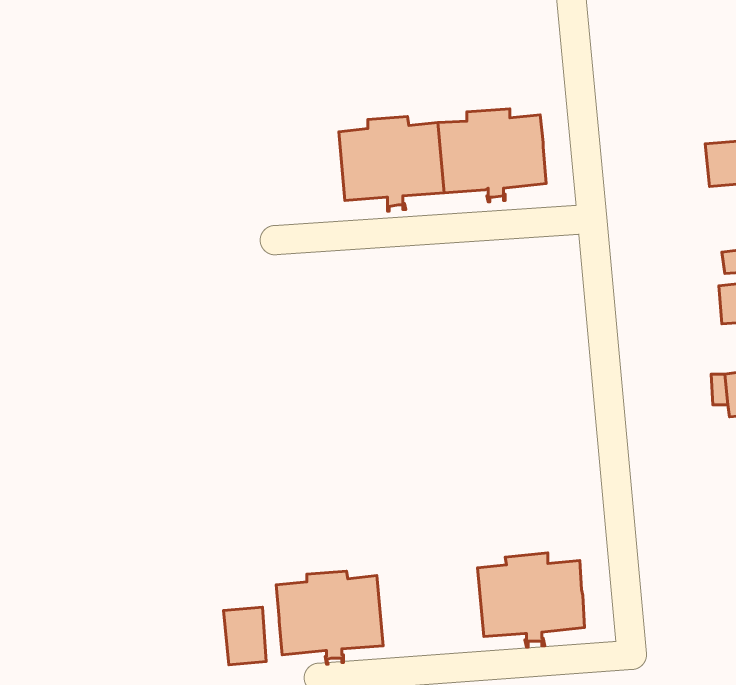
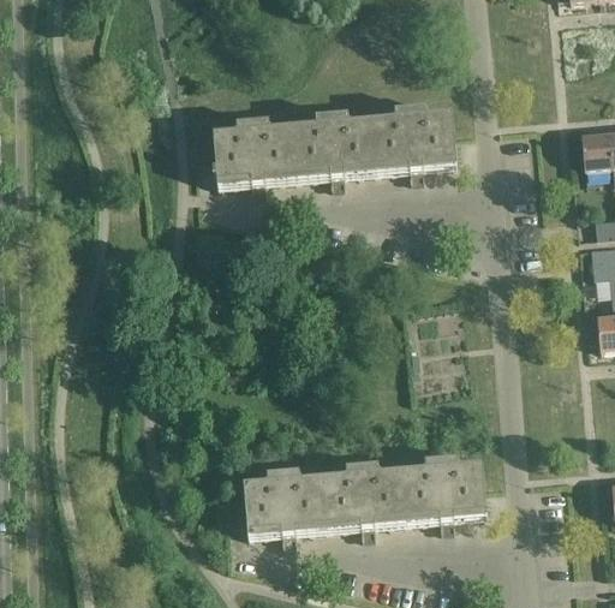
building: none -> [213,117,298,191]
building: none -> [323,460,407,534]
building: [224,607,266,665] -> none

